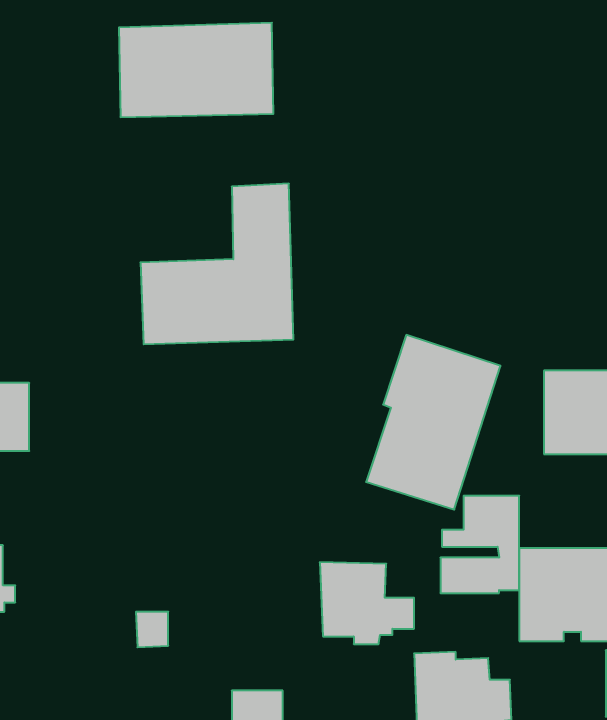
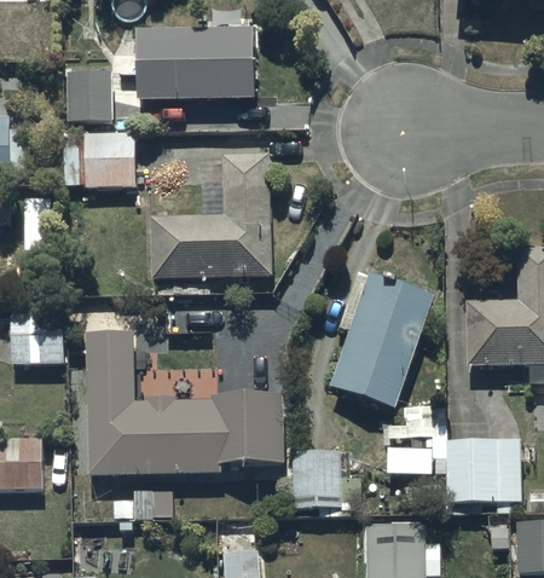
building: none -> [65,70,112,122]
building: none -> [65,132,135,185]
building: none -> [75,333,285,475]

